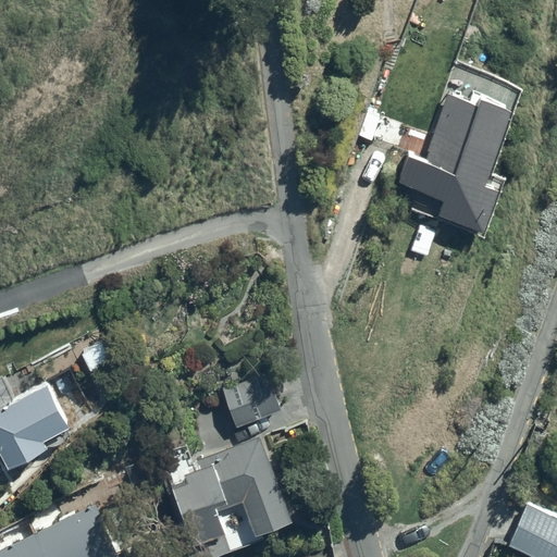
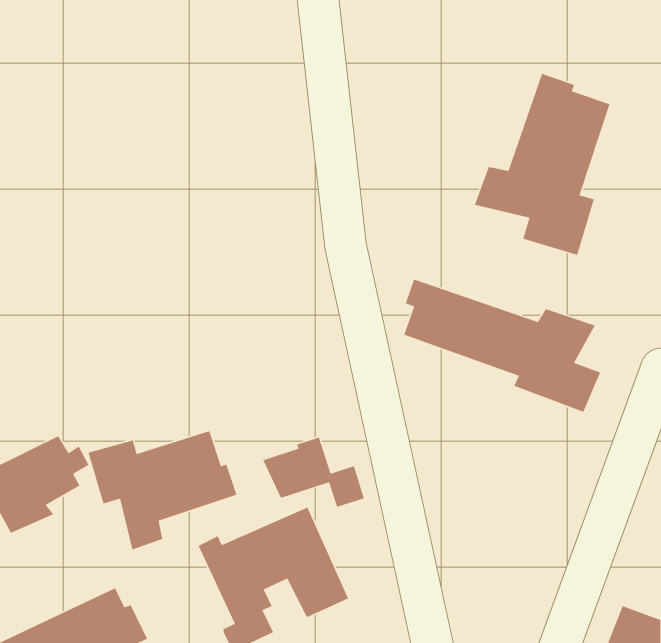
building: none -> [403,278,601,413]
building: none -> [88,430,237,551]

